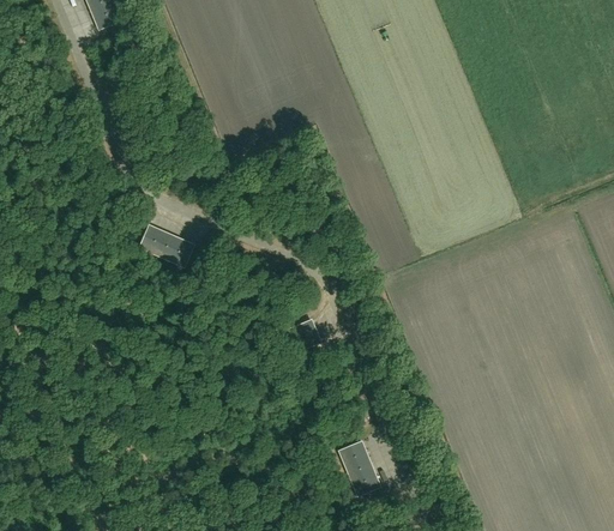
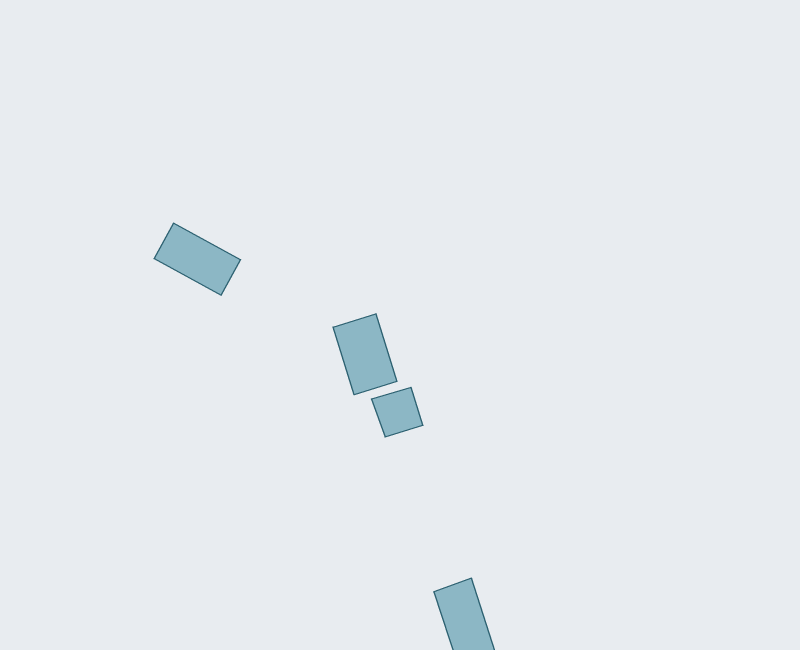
building: none -> [333,314,397,395]

